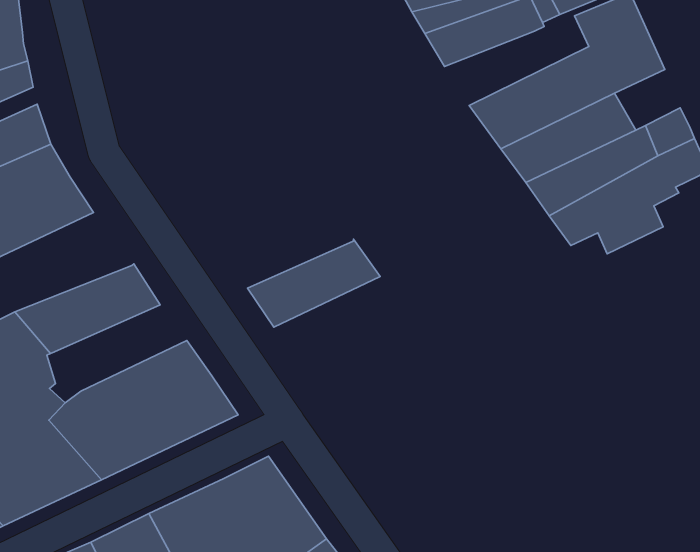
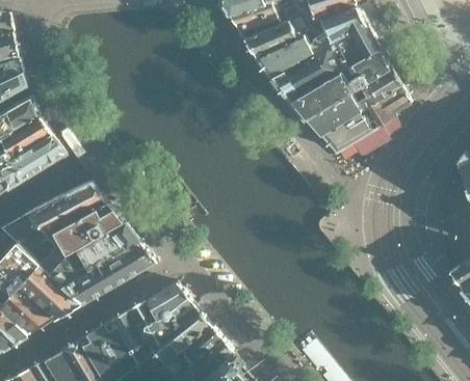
building: none -> [257,24,337,79]
building: none -> [354,50,391,85]
building: [247,239,380,327] -> [51,203,125,256]

